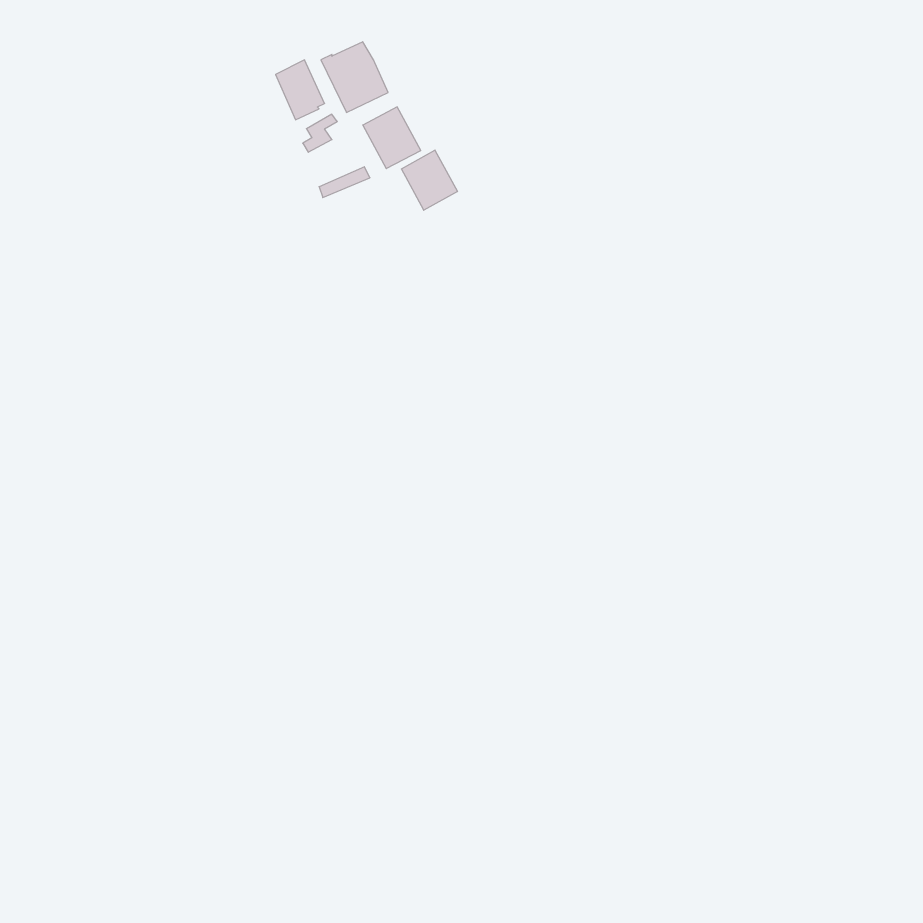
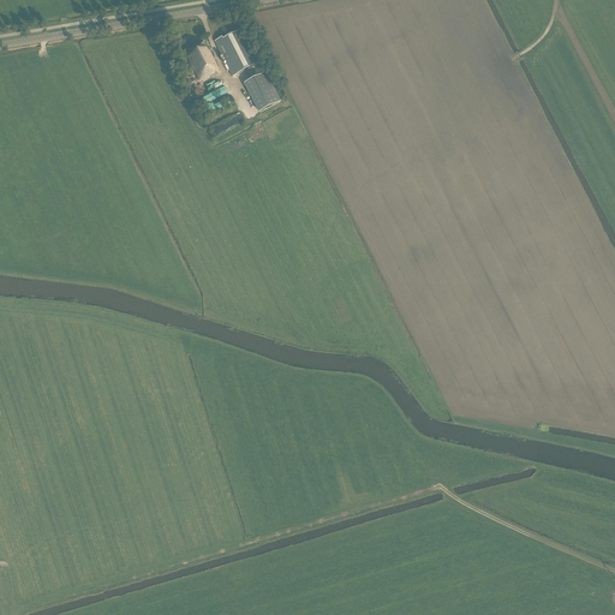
building: [401,150,457,210] -> none

